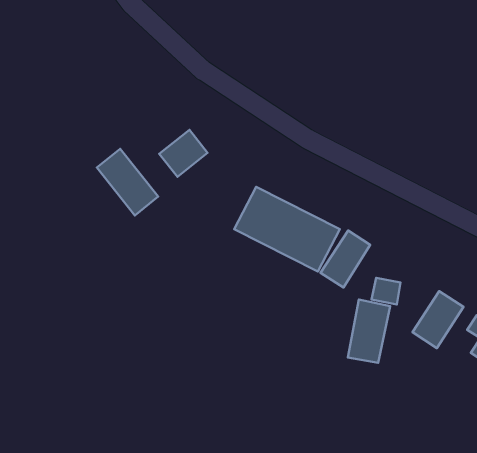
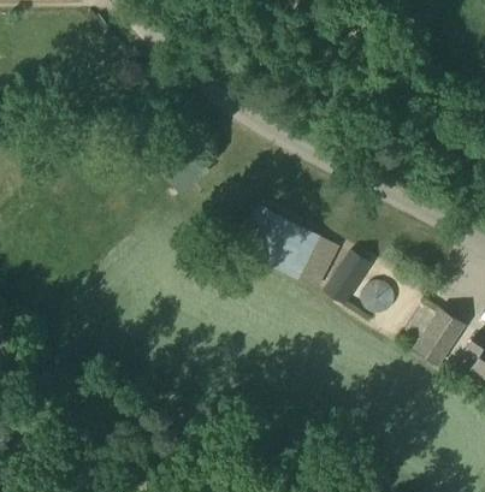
building: [97,149,158,215] -> none
building: [348,300,390,363] -> none

